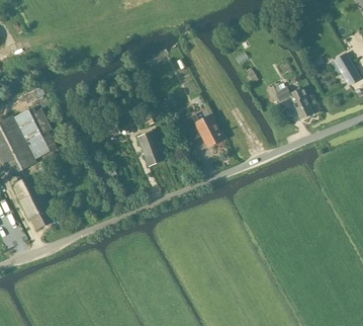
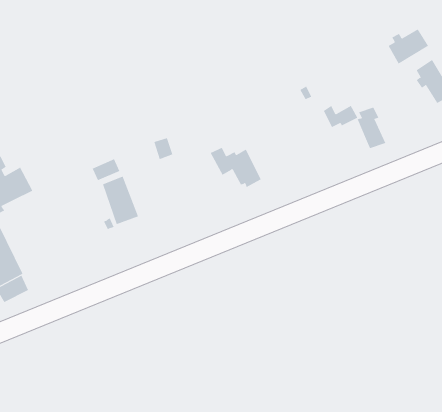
building: none -> [388,28,429,64]
building: [138,131,164,166] -> [102,176,139,225]

